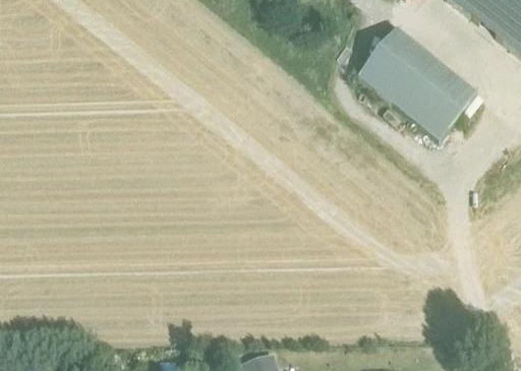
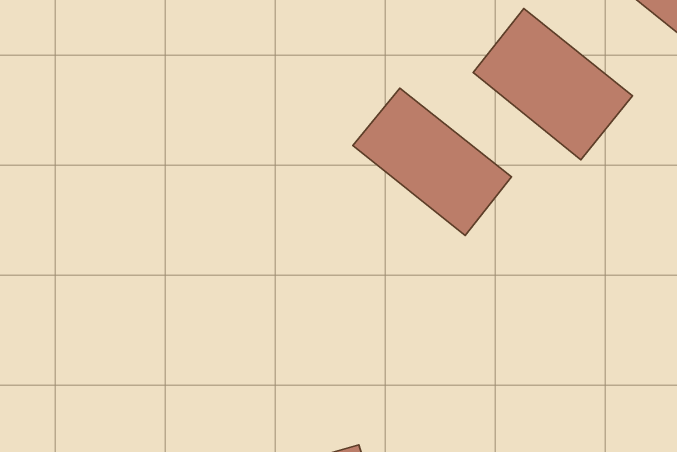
building: none -> [353,88,512,235]

